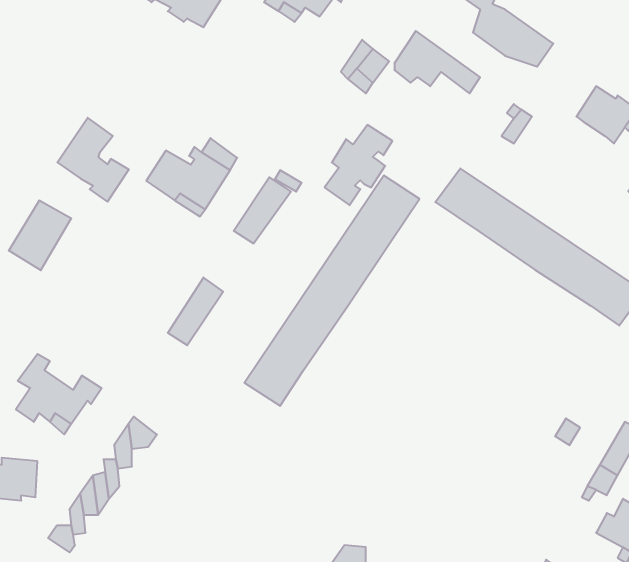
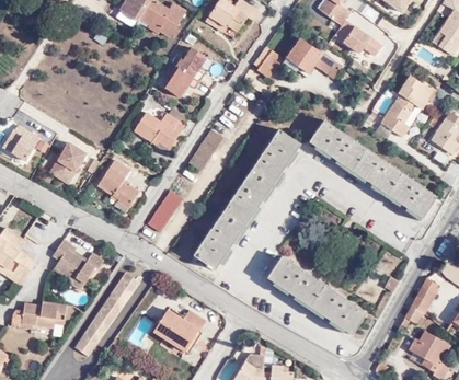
building: [57,118,129,202] -> [94,161,138,212]
building: none -> [378,94,414,136]
building: [325,125,392,205] -> [165,48,207,97]
building: none -> [267,257,366,335]
building: none -> [156,312,206,356]

